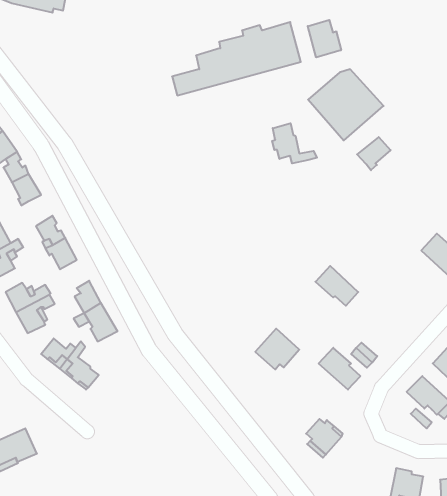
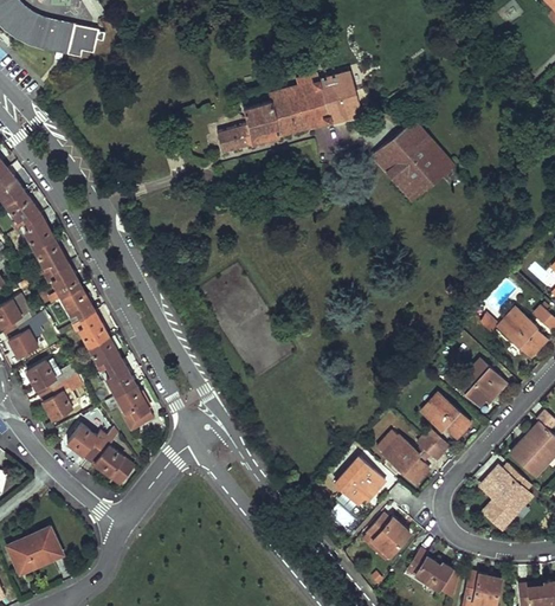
building: [308,20,341,57] -> none
building: [272,123,317,163] -> none
building: [357,137,391,170] -> none
building: none -> [45,263,80,298]
building: none -> [89,336,122,368]
building: [315,266,358,306] -> [420,393,469,438]
building: none -> [457,360,505,405]
building: [255,329,299,369] -> [334,457,383,503]
building: none -> [407,549,459,598]

